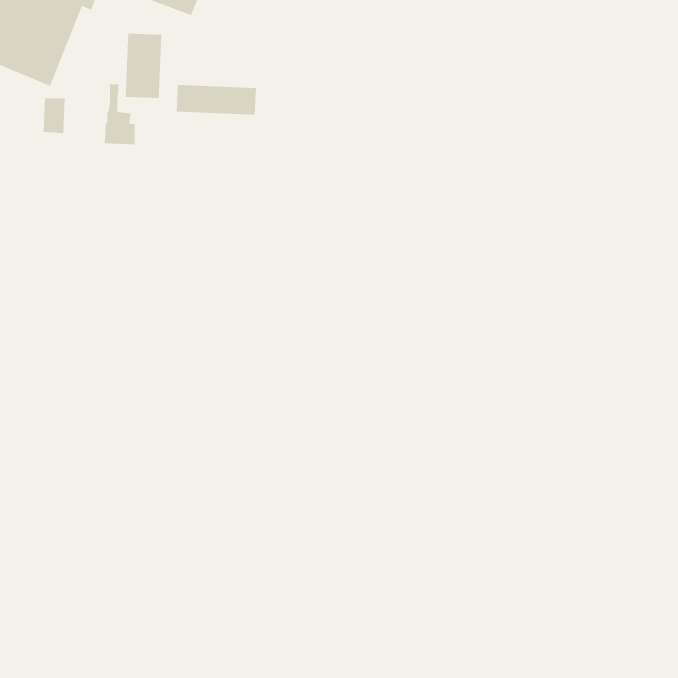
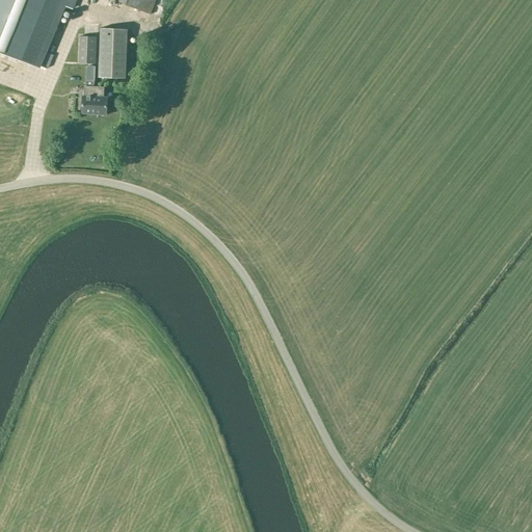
building: [176,84,256,115] -> none
building: [43,98,66,134] -> [78,35,96,63]

